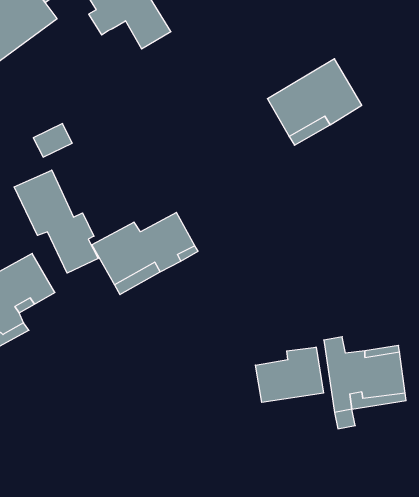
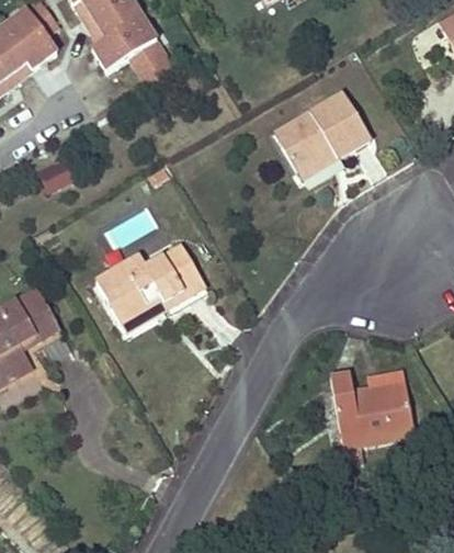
building: [14,170,98,273] -> none
building: [255,347,323,402] -> none

